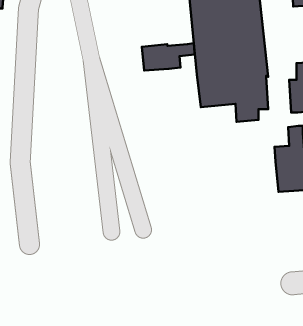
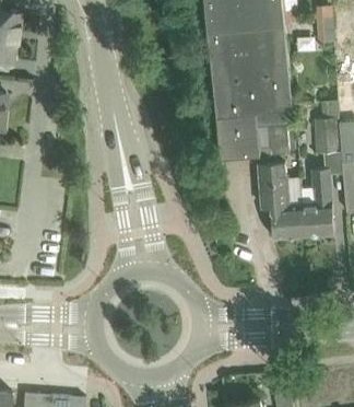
building: [142,43,195,70] -> none
building: none -> [259,162,303,240]

